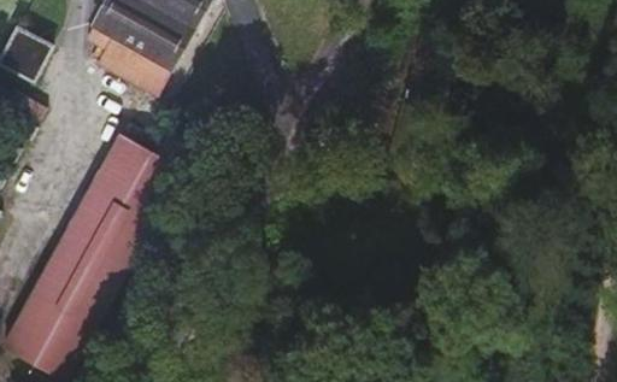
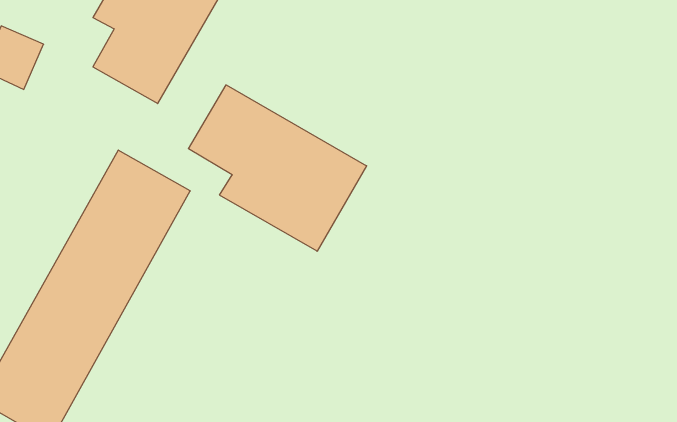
building: none -> [188,85,367,251]

